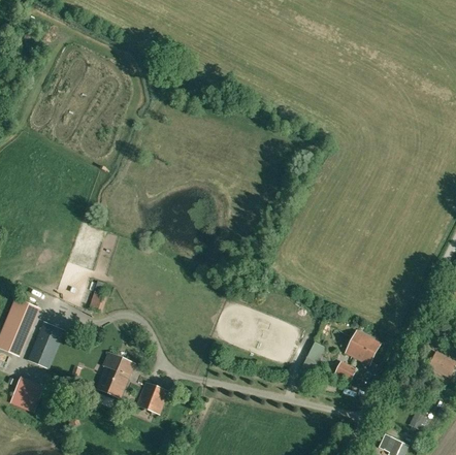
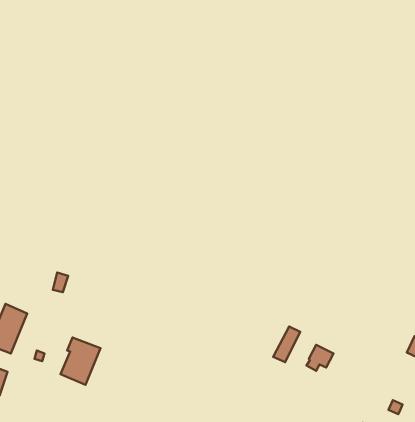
building: [345,331,380,364] -> none
building: [136,382,167,414] -> none

